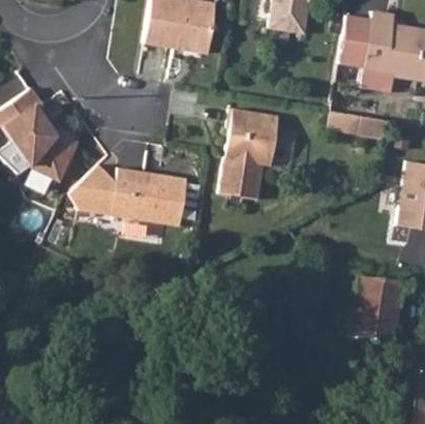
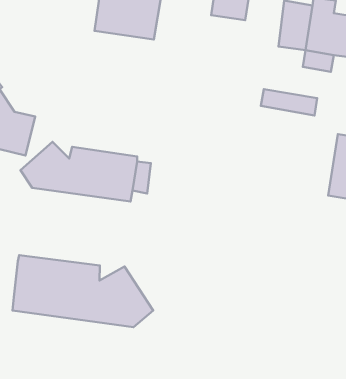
building: [220,109,280,200] -> none
building: [345,268,399,336] -> none
building: none -> [12,255,153,327]

